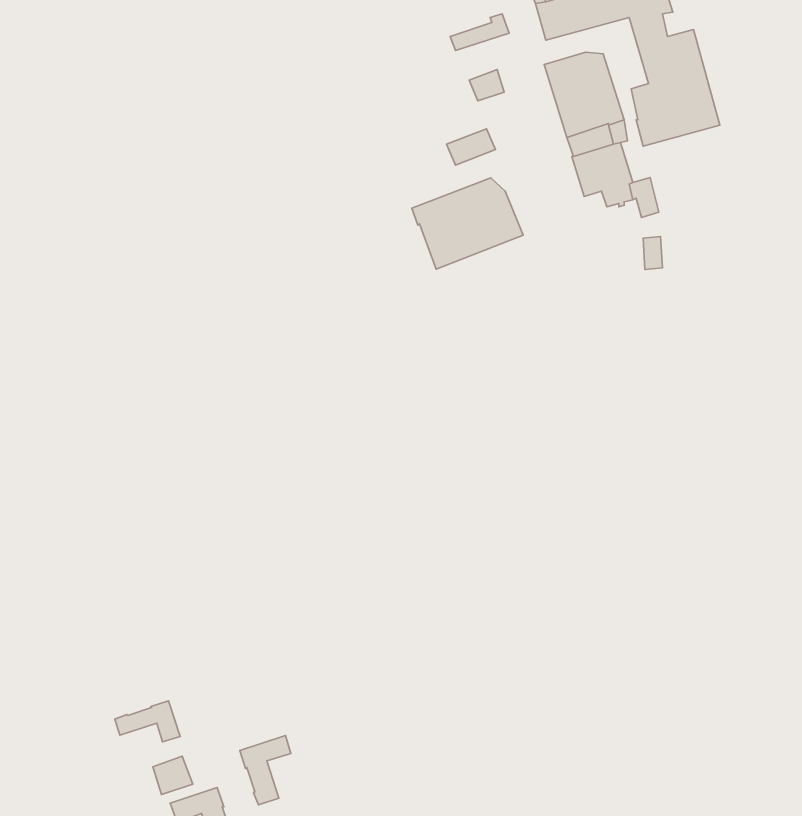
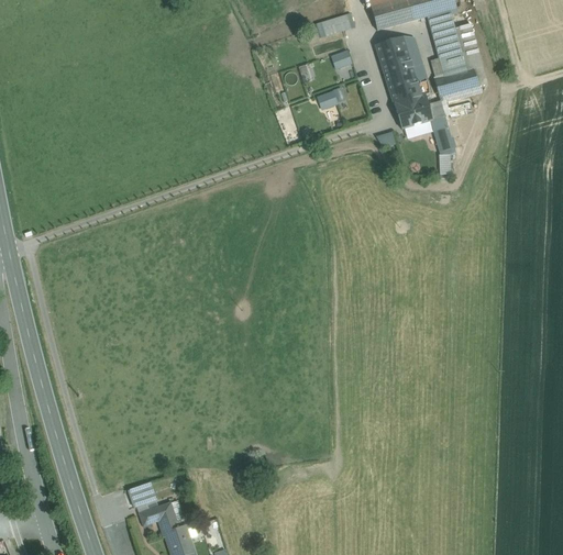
building: [412,178,523,269] -> none
building: [115,701,180,742] -> none
building: [240,735,291,805] -> none

